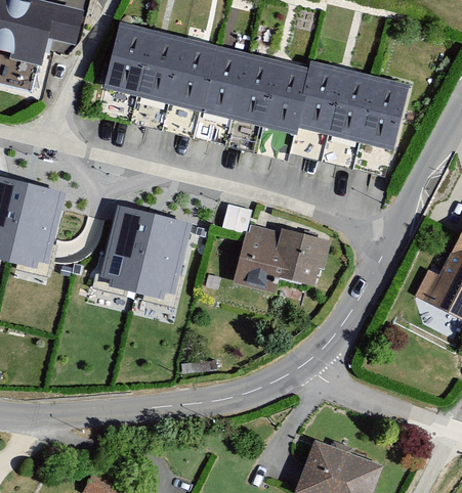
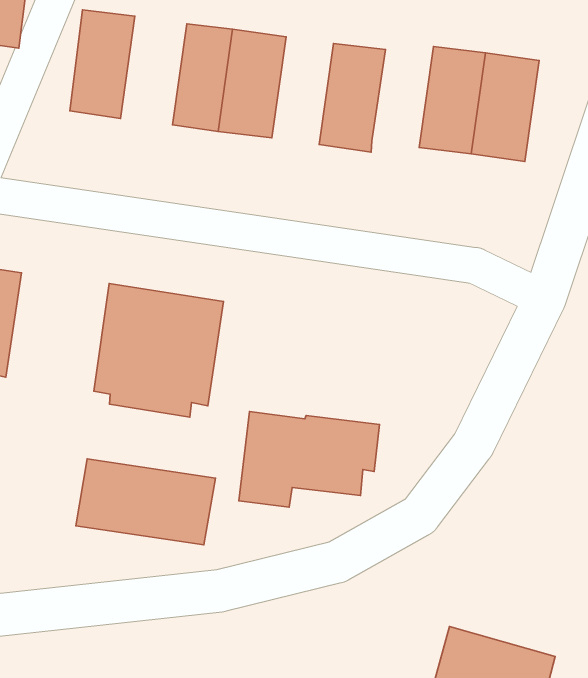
building: [135,32,183,103] -> none
building: [230,54,276,125] -> none
building: [294,62,339,133] -> none
building: [232,222,326,285] -> [239,411,379,507]
building: none -> [76,459,215,545]

